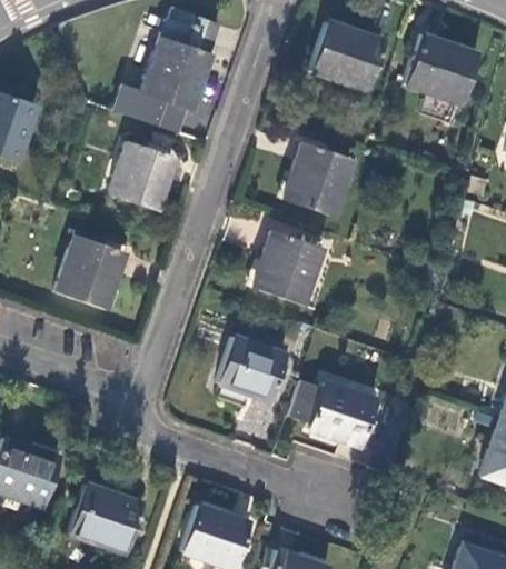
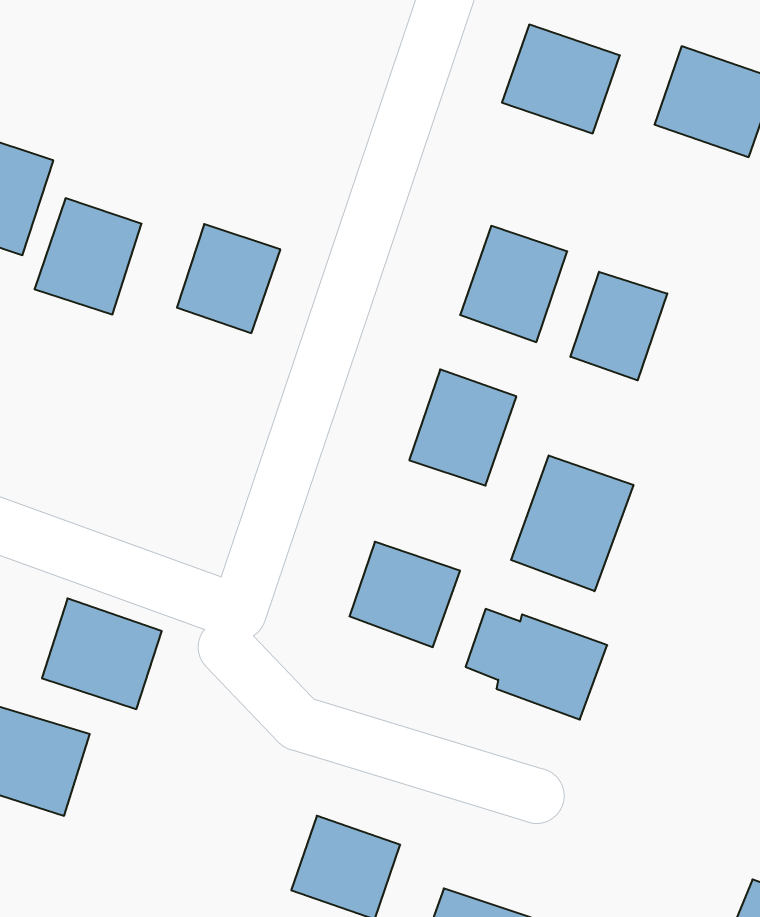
building: [113,17,220,132] -> none
building: none -> [570,272,667,380]
building: [58,237,123,308] -> [34,198,142,314]
building: none -> [511,455,633,591]
building: [69,485,142,552] -> [42,598,162,709]

